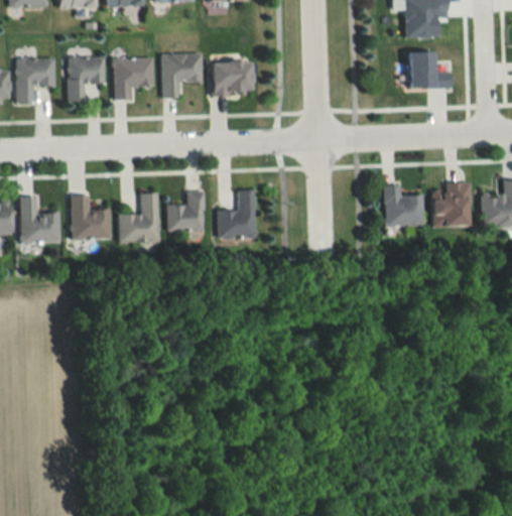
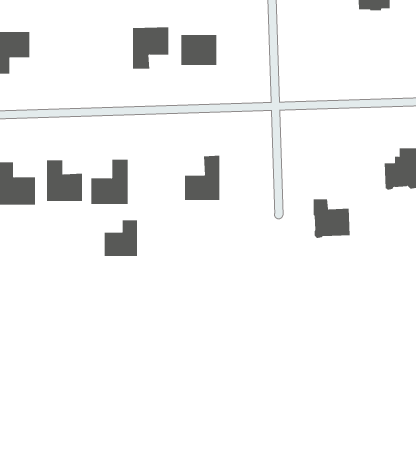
building: [407,47,451,86] -> none
building: [68,55,105,102] -> none
building: [114,56,154,100] -> none
building: [382,182,422,225] -> [313,199,351,238]
building: [168,191,205,231] -> [104,220,138,257]

